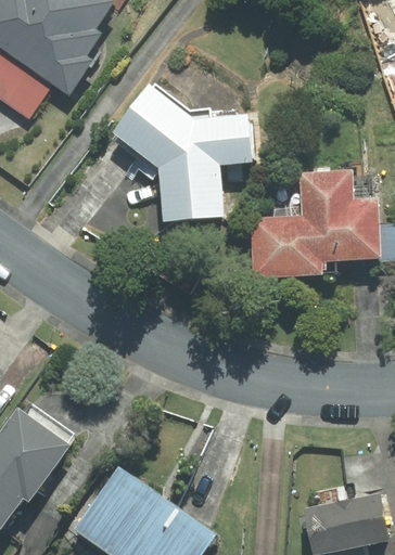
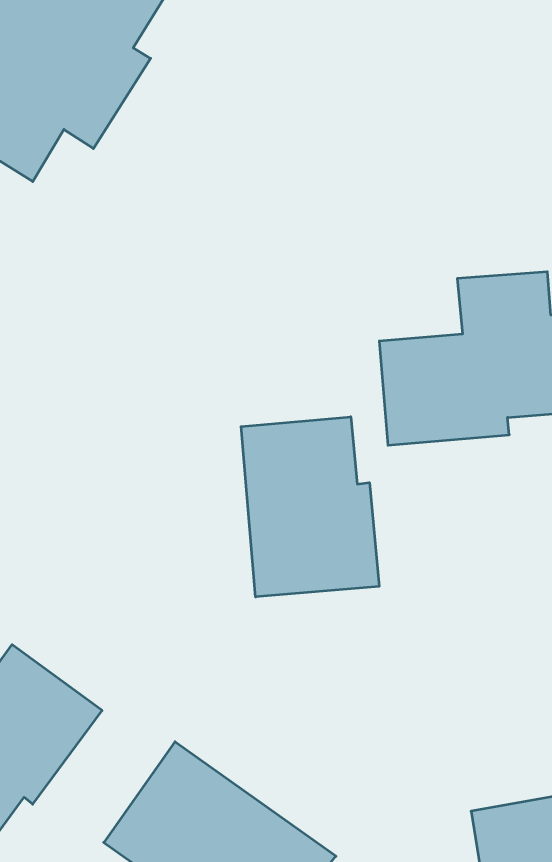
building: [111,80,254,224] -> none
building: none -> [241,417,379,597]

